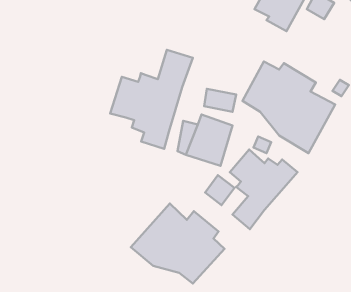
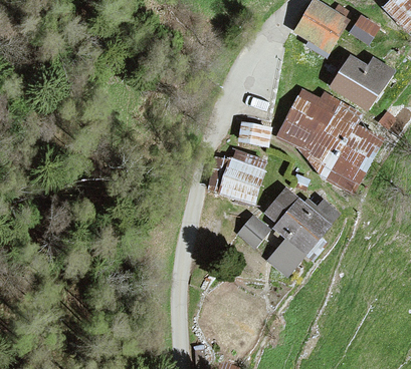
building: none -> [331,56,393,110]
building: [110,50,193,149] -> none
building: [131,203,224,284] -> none

